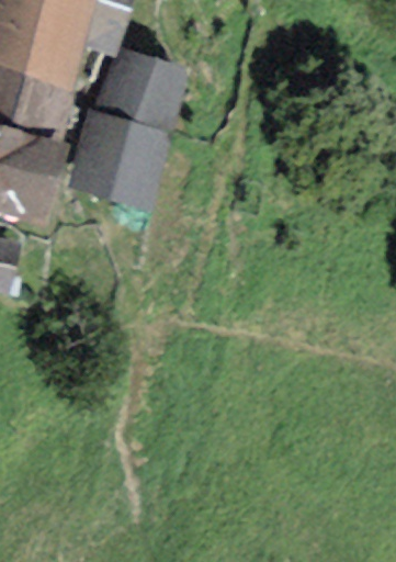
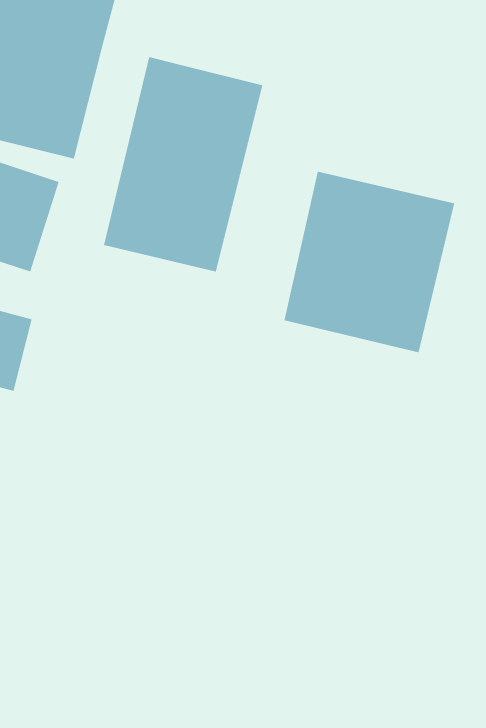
building: none -> [284,171,455,353]

